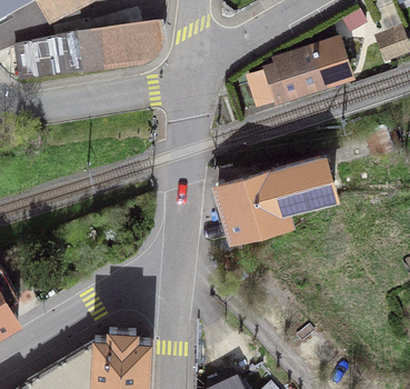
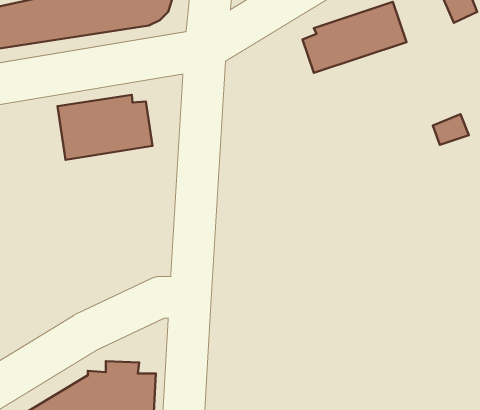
building: none -> [58,95,153,160]
building: [219,159,332,237] -> none

